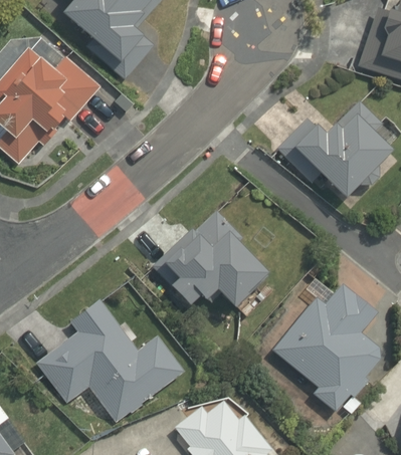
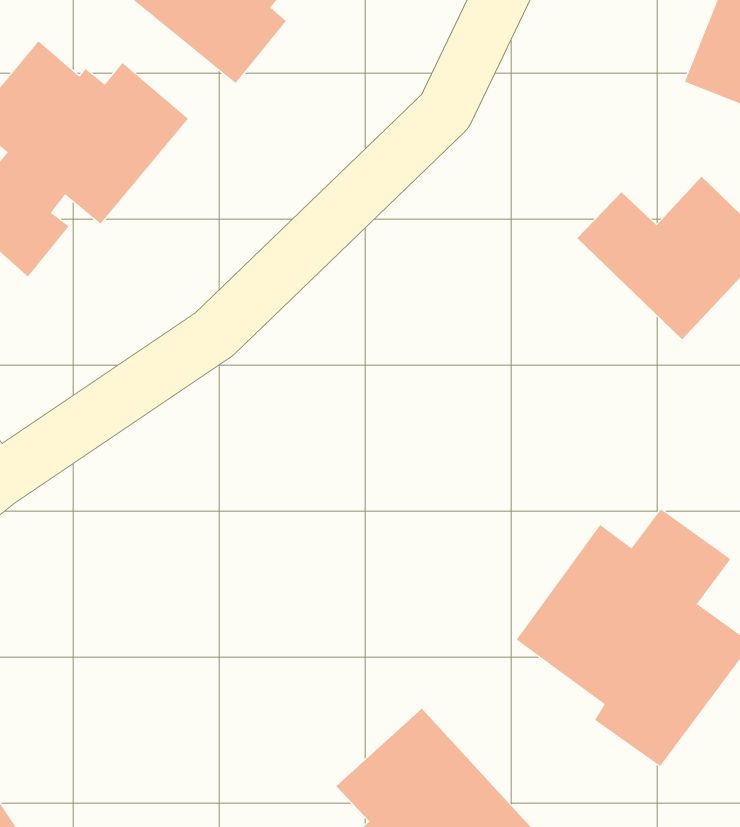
building: [165,212,275,310] -> none
building: [32,299,187,426] -> none

